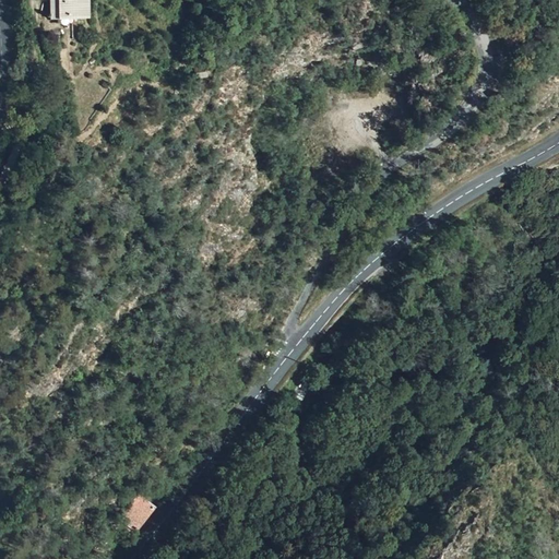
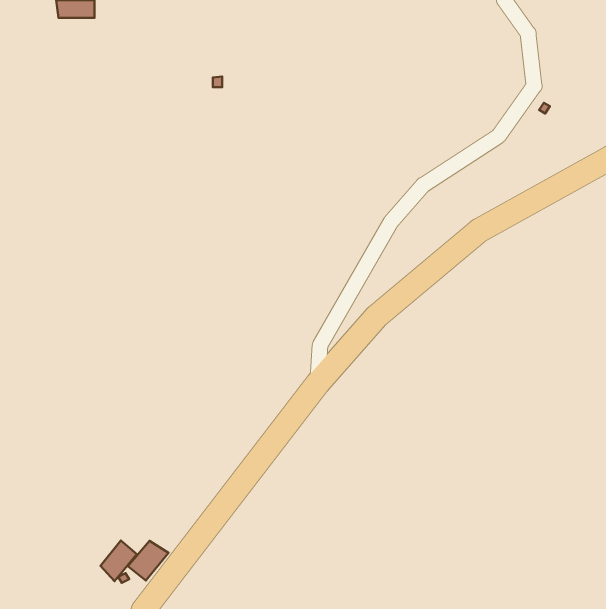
building: none -> [101,540,137,581]

